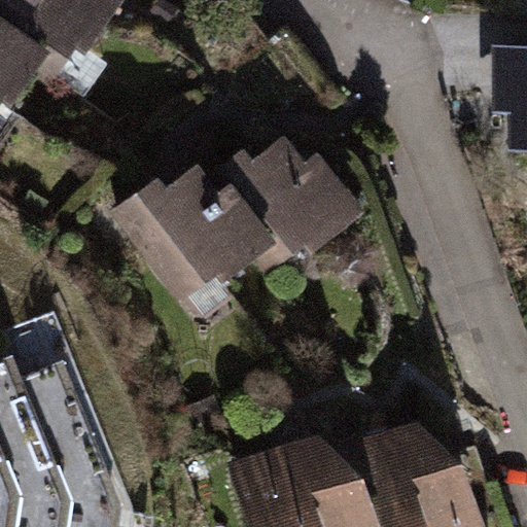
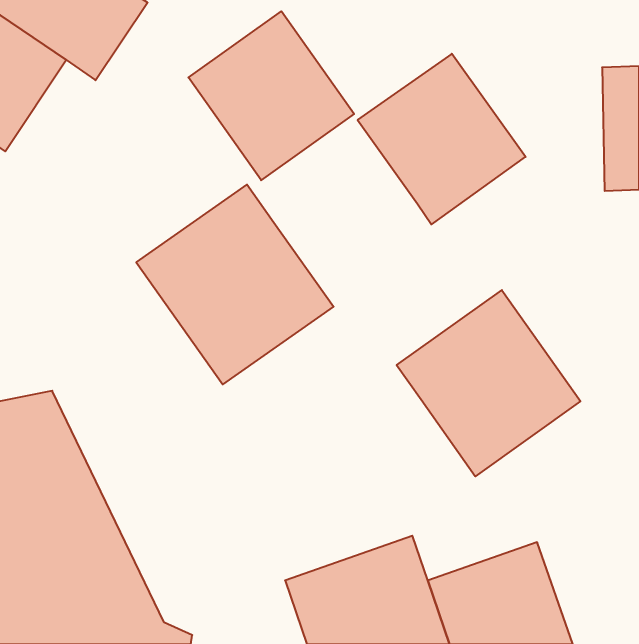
building: none -> [188,11,354,180]
building: [221,127,357,265] -> [358,54,526,224]
building: none -> [397,290,580,476]

